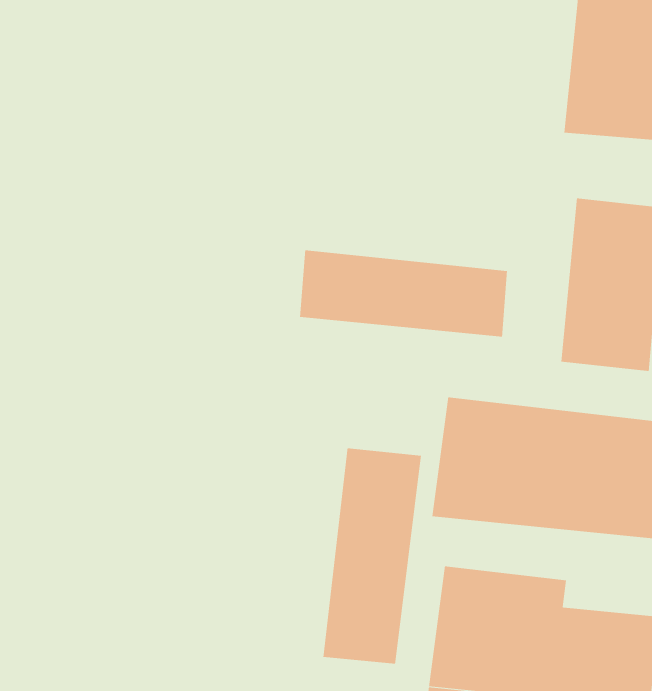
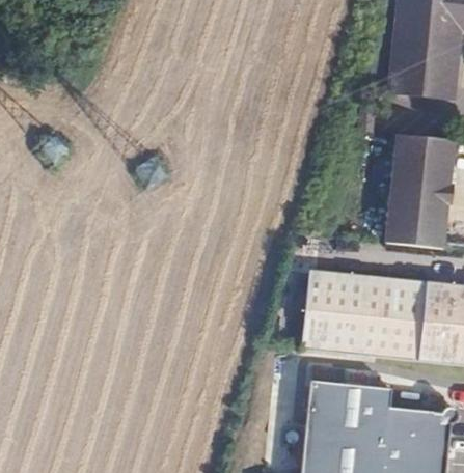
building: [299,249,508,337] -> none
building: [323,447,421,665] -> none

